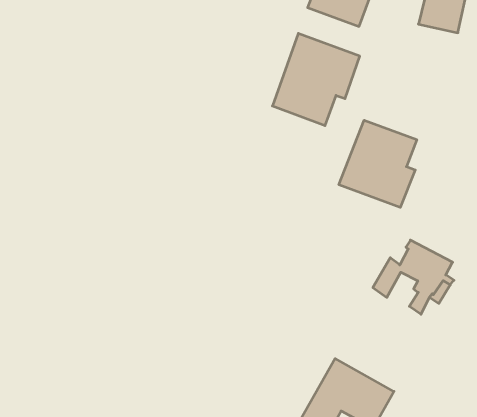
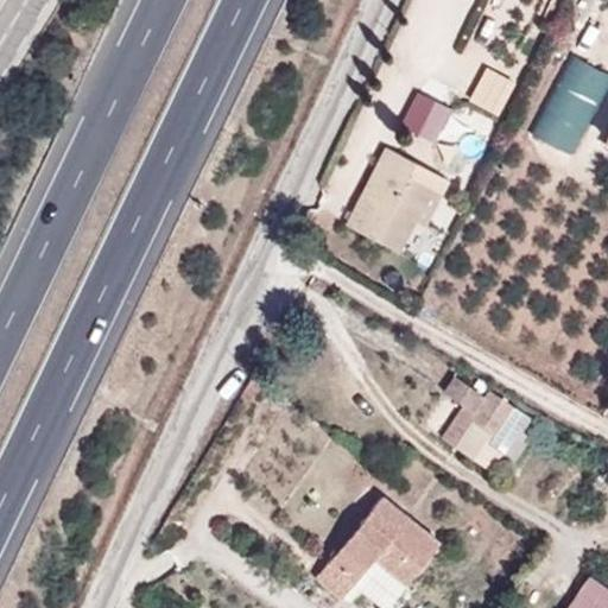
building: [339,120,417,207] -> none

